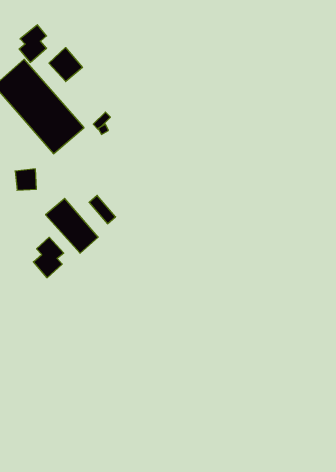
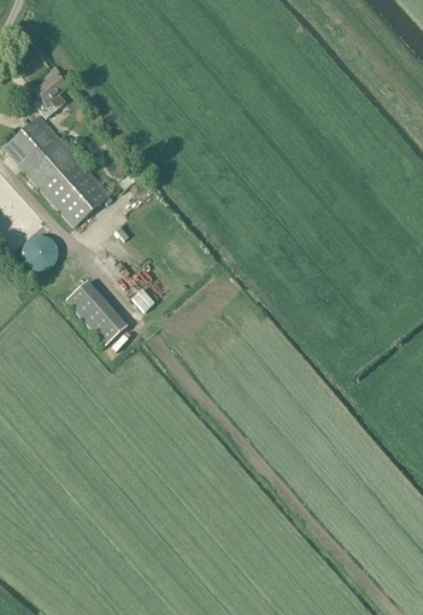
building: [49,48,82,82] -> none
building: [33,237,64,278] -> none

